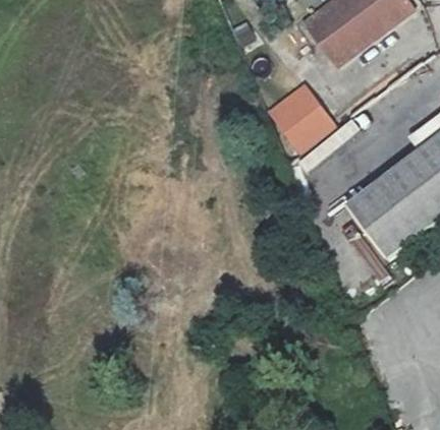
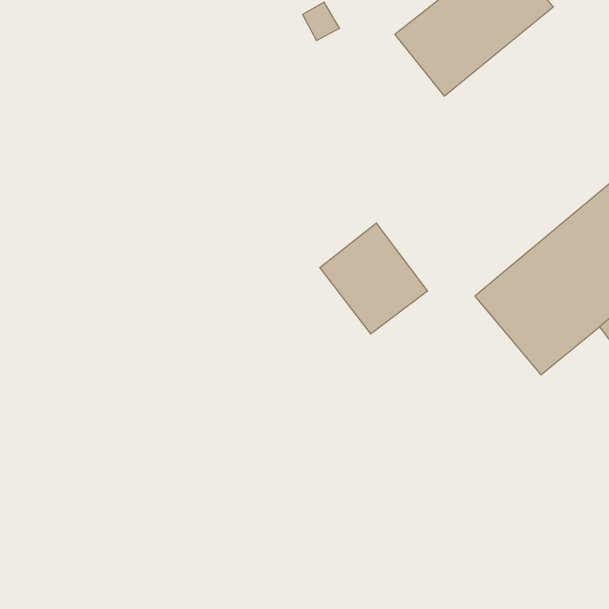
building: [267,72,338,145] -> [320,223,427,334]

